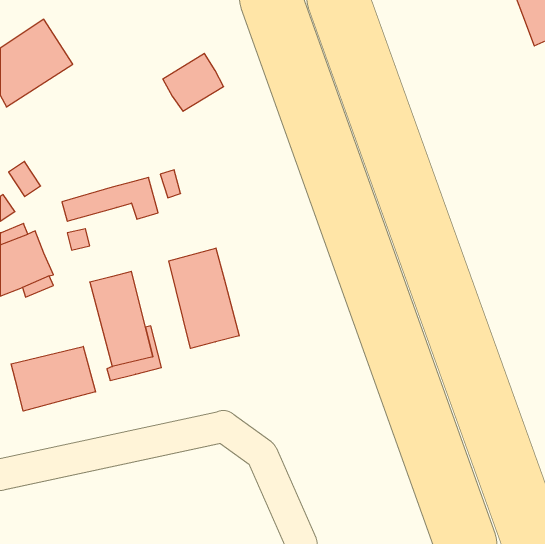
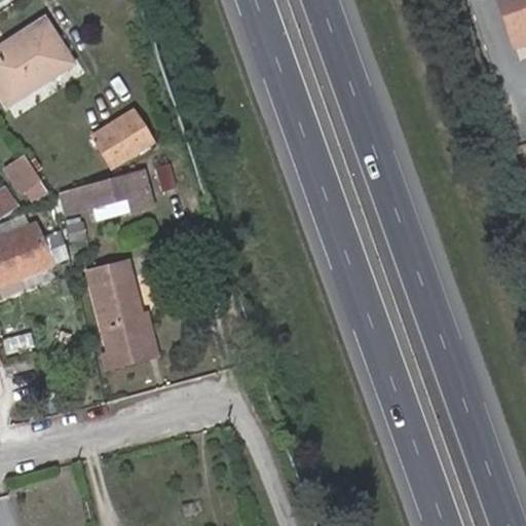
building: [163,53,224,111] -> [92,110,151,165]
building: [169,248,239,348] -> none
building: [11,346,96,411] -> none

